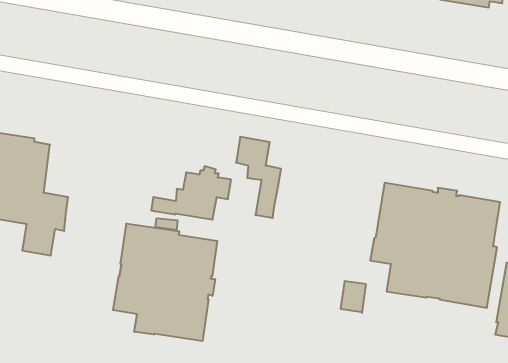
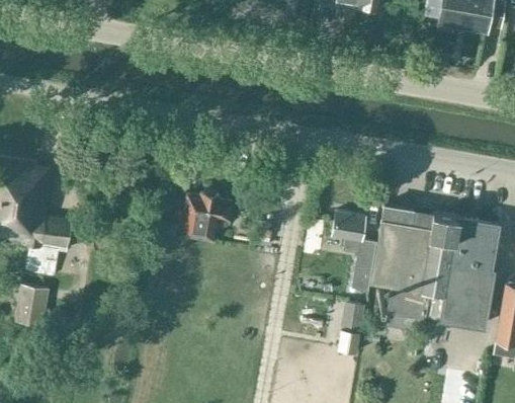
building: [236,137,281,218] -> [333,212,377,292]
building: [113,223,217,341] -> none
building: none -> [15,286,50,327]

